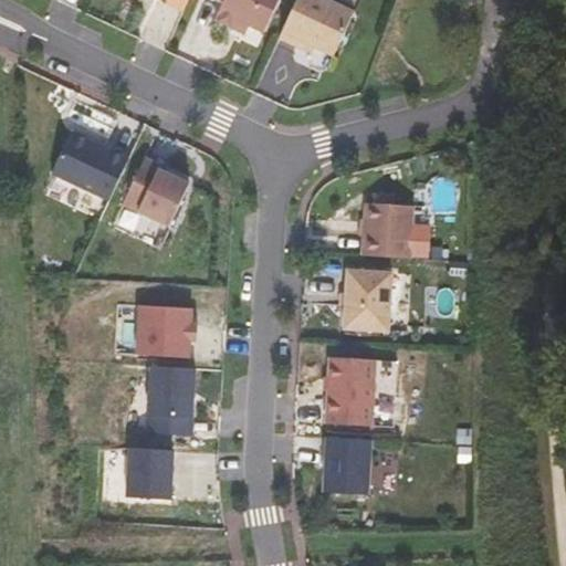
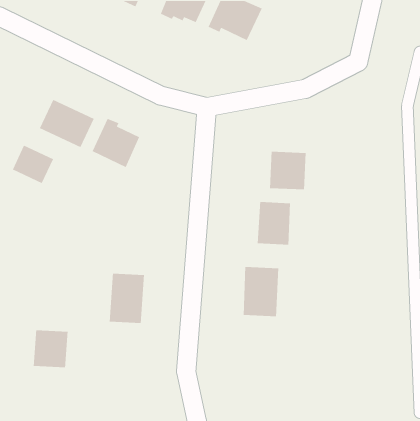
building: none -> [12,144,54,184]
building: [136,305,191,357] -> none
building: [323,437,370,495] -> none
building: [125,448,172,500] -> [33,329,68,368]

